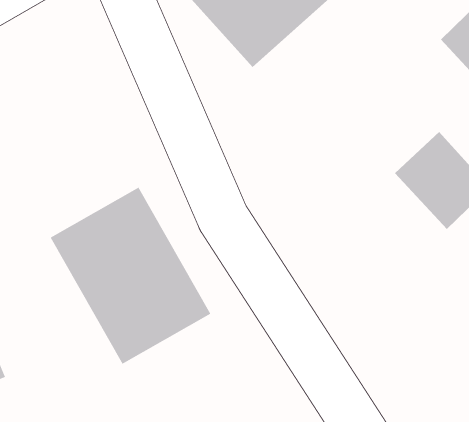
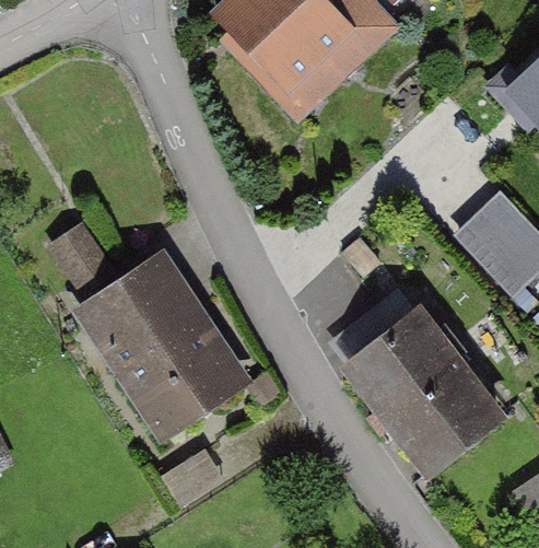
building: none -> [340,308,502,478]

